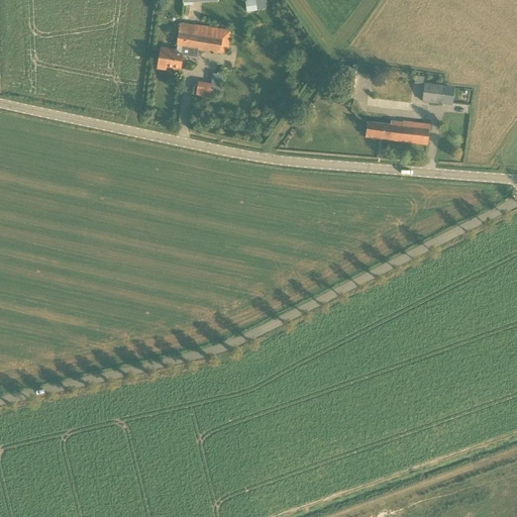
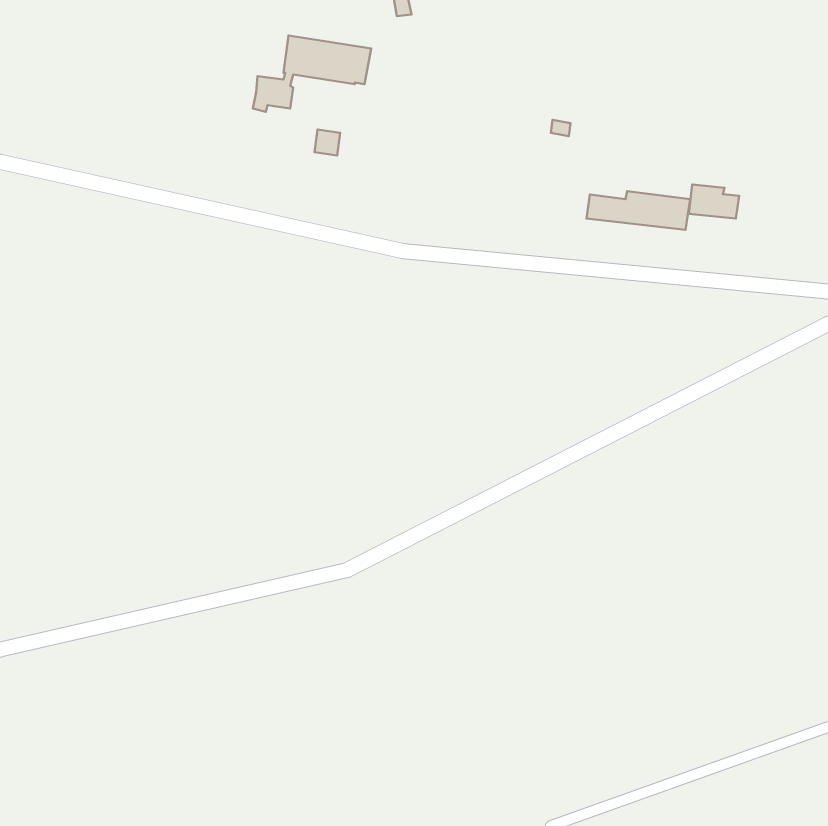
building: [422,83,453,104] -> [689,185,739,219]

